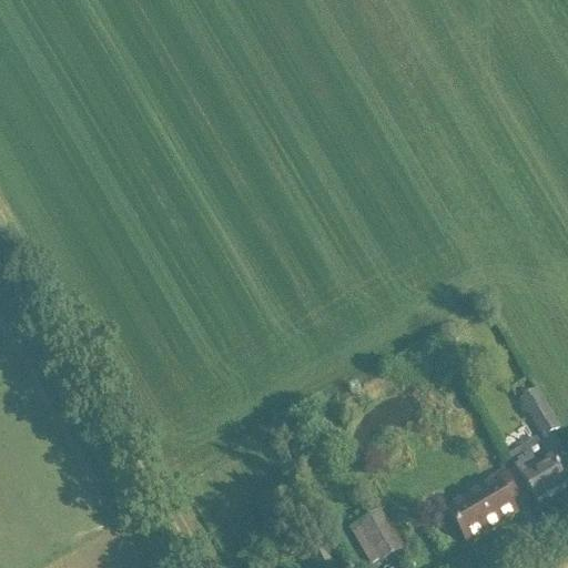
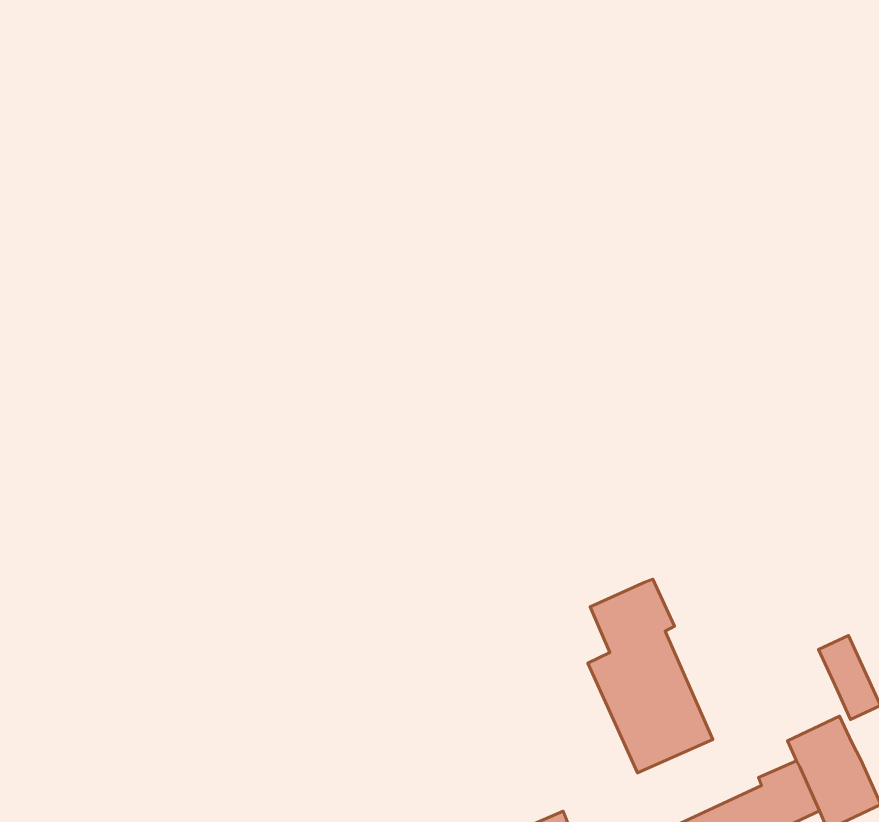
building: none -> [588,579,713,773]

